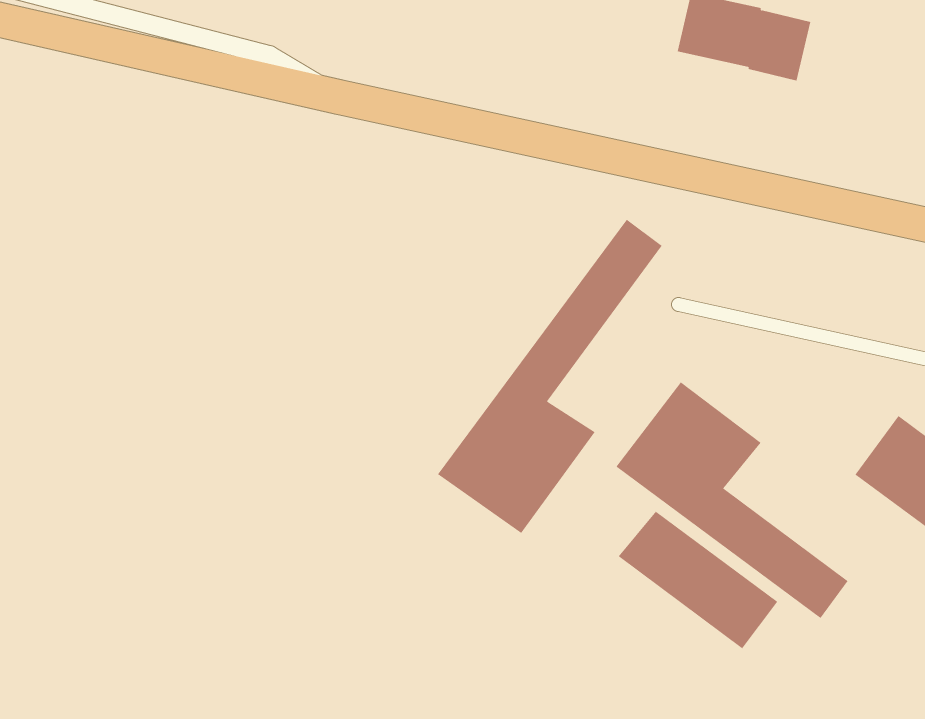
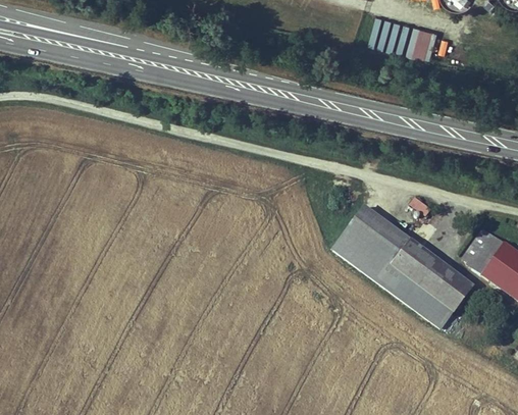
building: [437,219,663,534] -> none
building: [618,511,778,649] -> [392,239,474,310]

